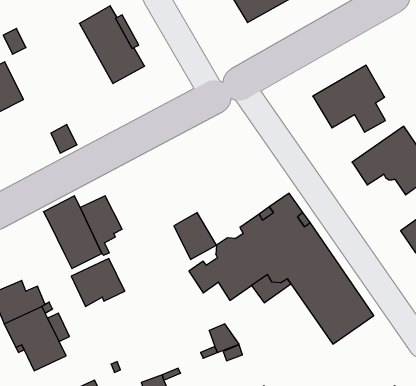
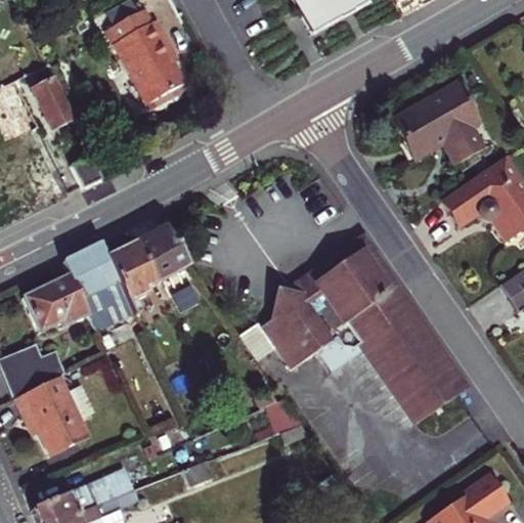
building: none -> [26,66,74,130]
building: [174,213,217,259] -> [138,225,190,282]
building: [71,259,125,306] -> [24,274,89,333]

